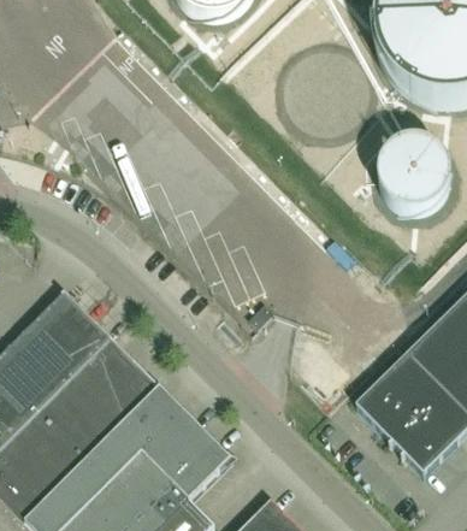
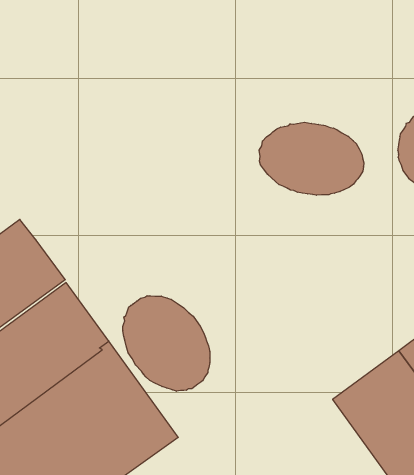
building: none -> [259,122,364,195]
building: none -> [123,296,210,391]

